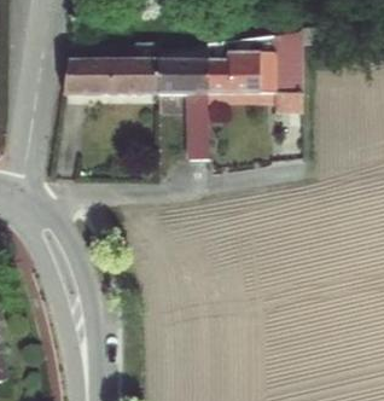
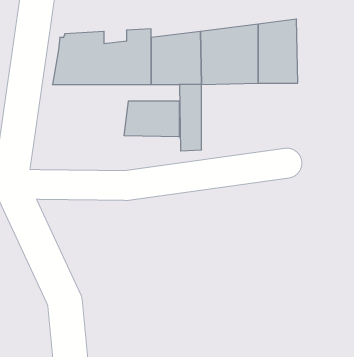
building: none -> [124,101,179,137]

